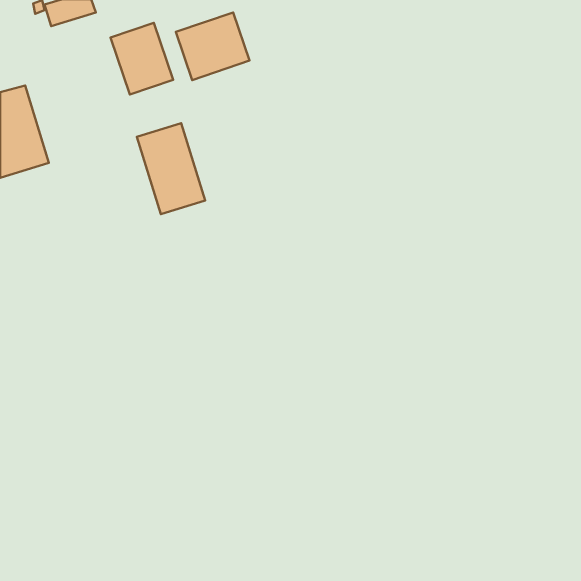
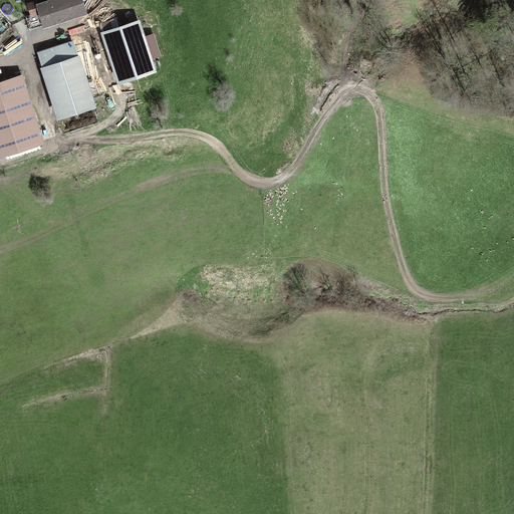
building: [176,12,249,80] -> none
building: [137,123,205,214] -> [35,40,95,120]

